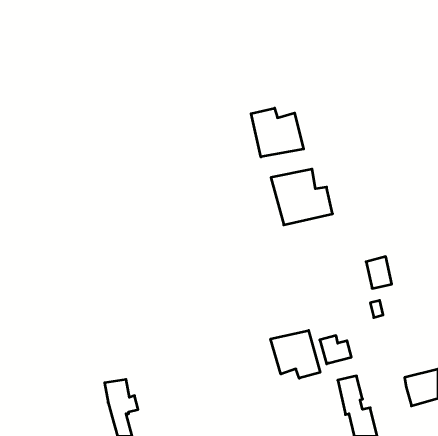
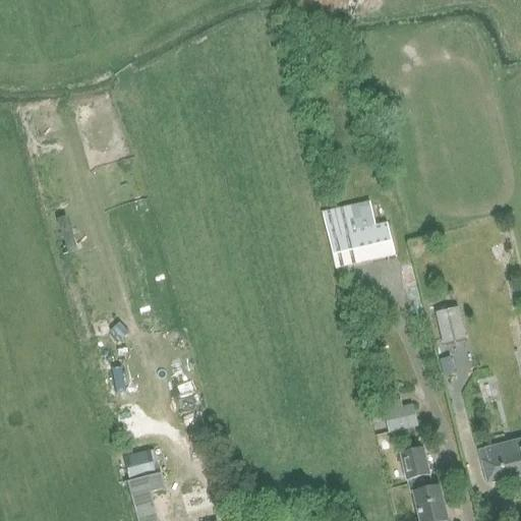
building: [251,108,304,157] -> none
building: [271,330,320,378] -> none

